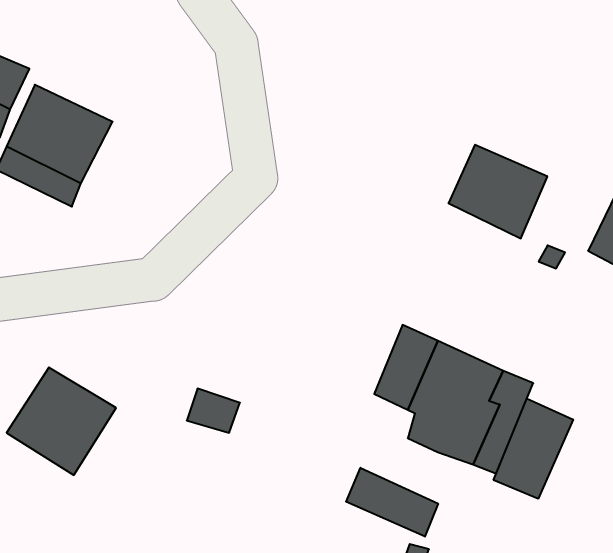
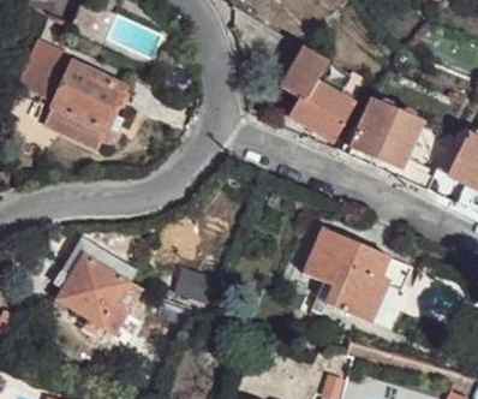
building: none -> [269,50,355,145]
building: [494,398,573,499] -> none
building: [346,468,438,537] -> none

